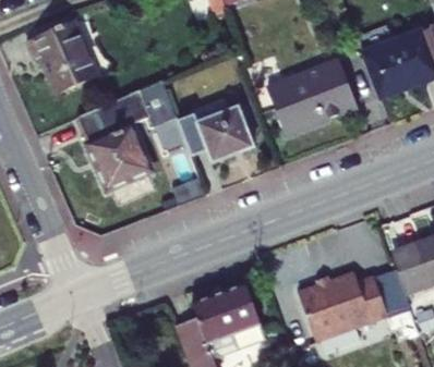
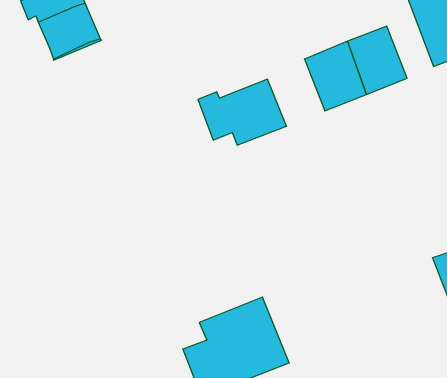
building: [80,81,178,188] -> none
building: [294,284,384,355] -> none

